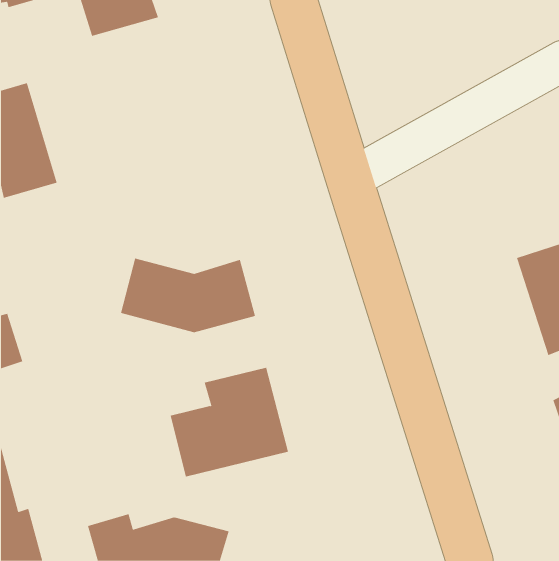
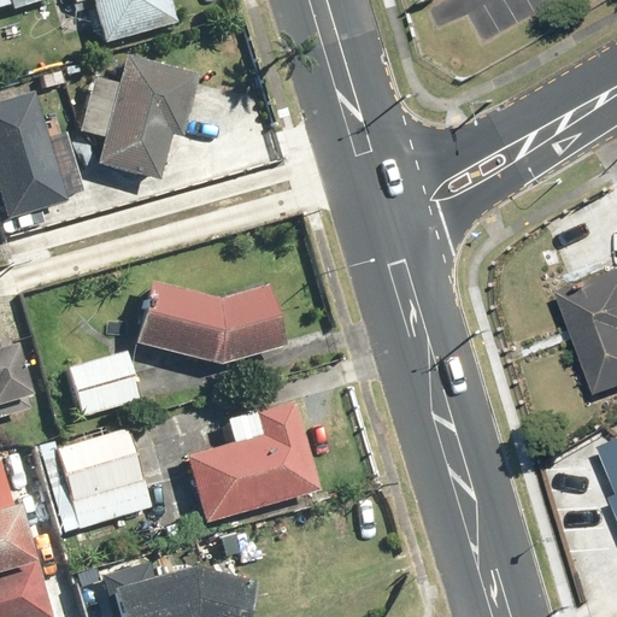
building: none -> [75,55,199,181]
building: none -> [69,352,143,416]
building: none -> [34,429,148,533]

